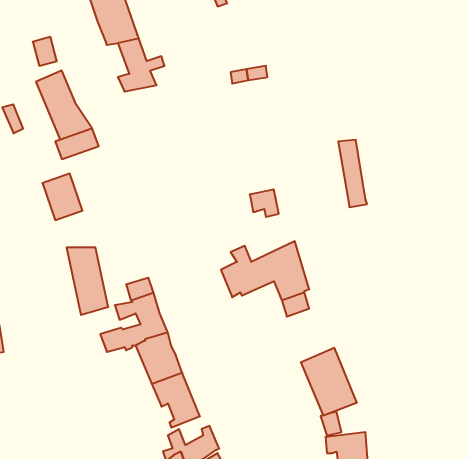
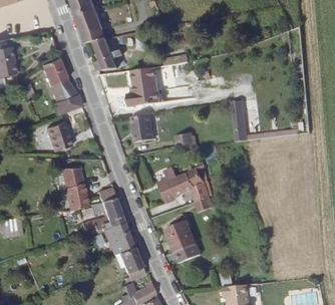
building: none -> [127,67,159,106]
building: none -> [131,114,153,141]
building: [301,348,357,415] -> [165,221,201,263]

